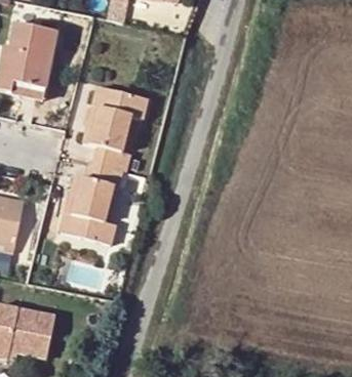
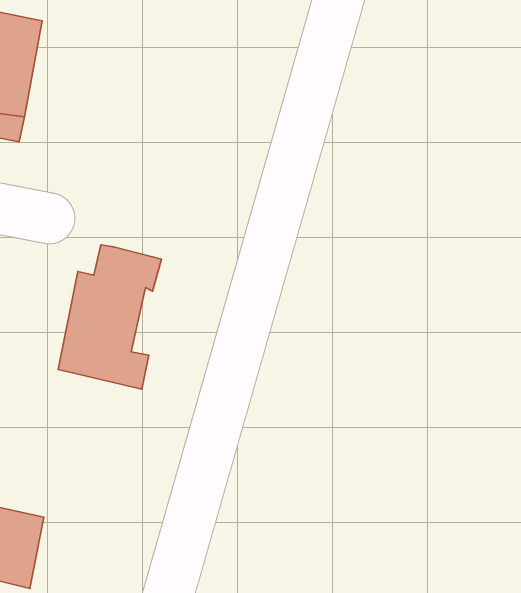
building: [83,86,148,169] -> none

